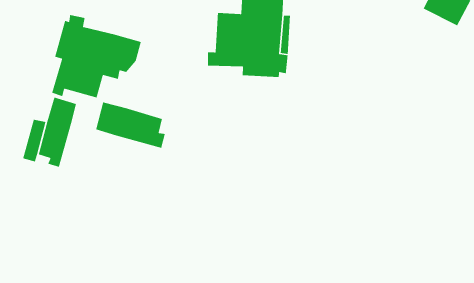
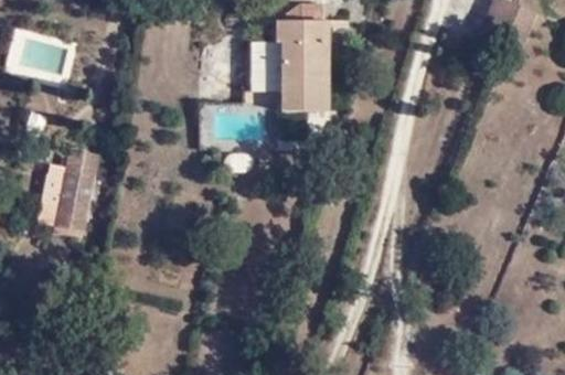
building: [51,14,142,99] -> none
building: [95,101,166,149] -> none

